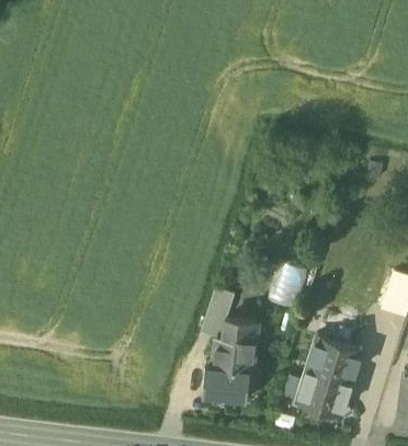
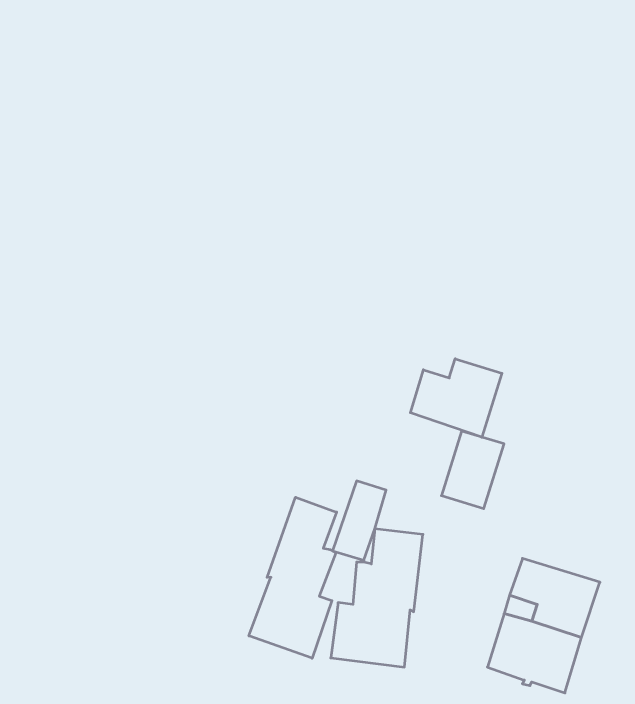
building: none -> [410,359,502,437]
building: none -> [249,497,337,658]

